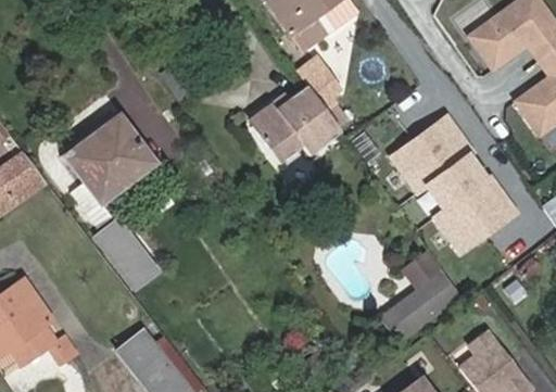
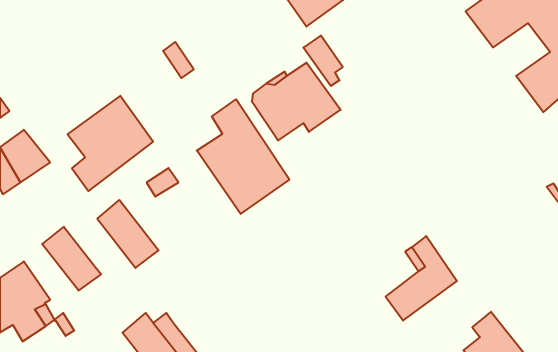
building: [389,118,514,254] -> none
building: none -> [197,99,289,214]
building: none -> [42,227,101,291]

